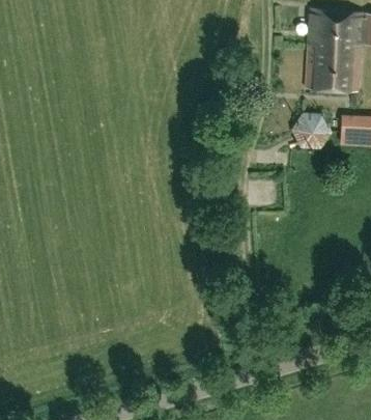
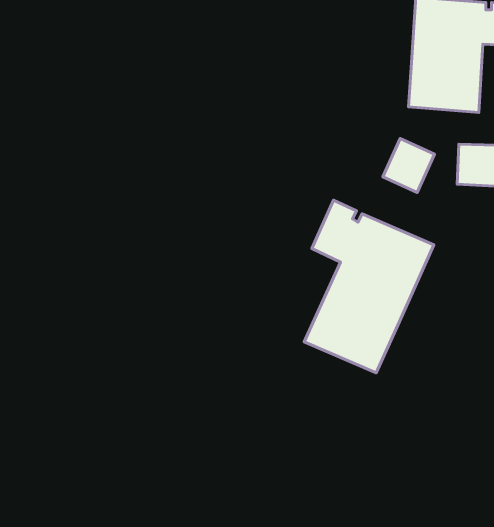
building: none -> [304,200,434,373]

